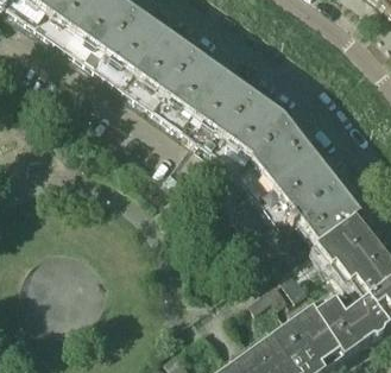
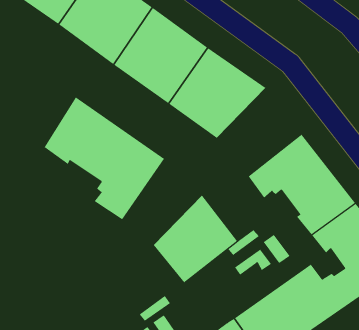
building: [234,110,322,202] -> [153,195,238,283]
building: none -> [44,96,165,220]

